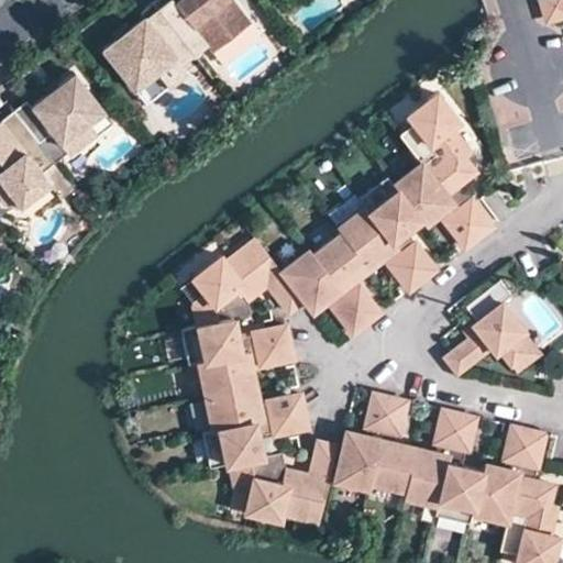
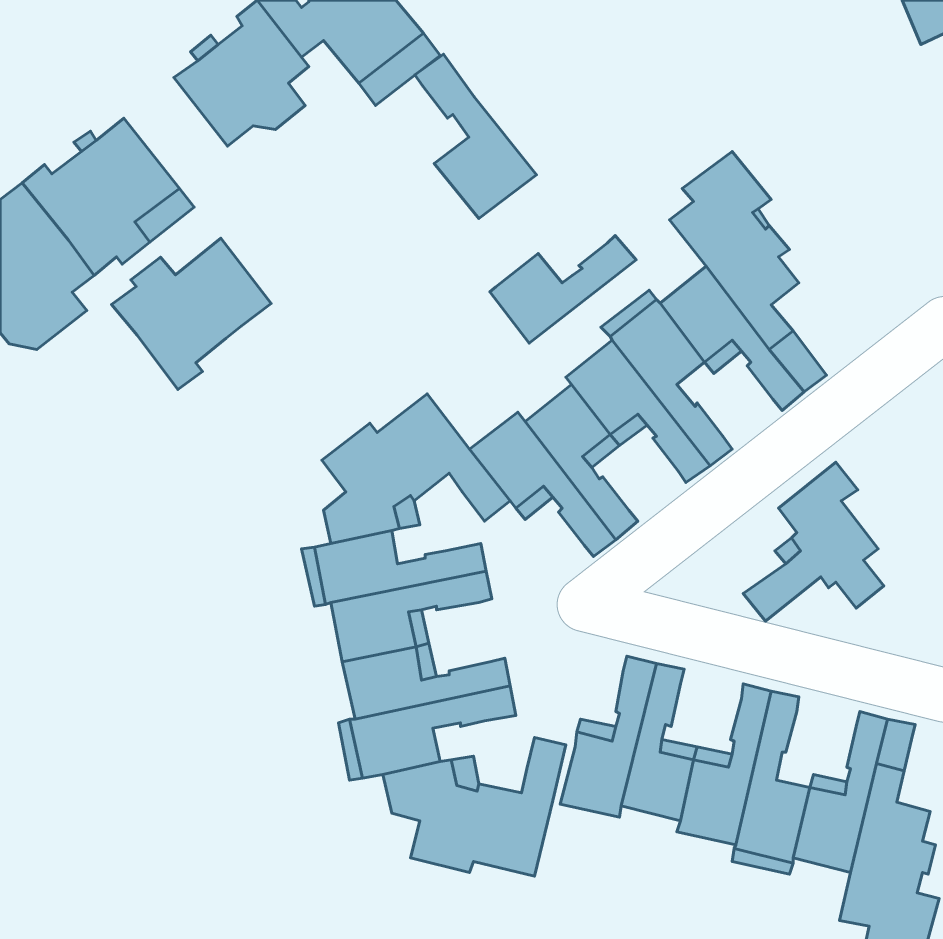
building: none -> [415,54,537,218]
building: none -> [490,235,636,343]
building: none -> [112,238,271,389]

